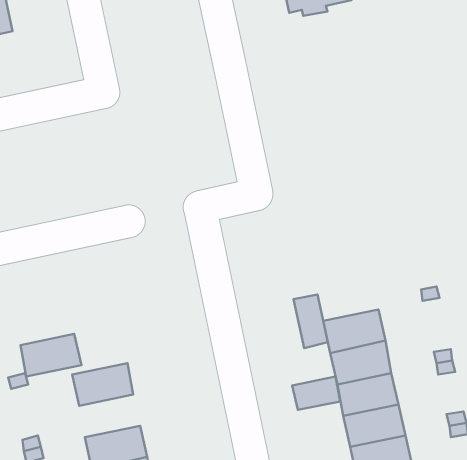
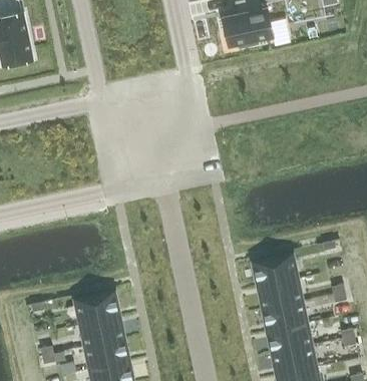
building: [294,294,328,348] -> none
building: [20,334,81,376] -> [80,317,123,347]
building: [292,377,340,410] -> none

